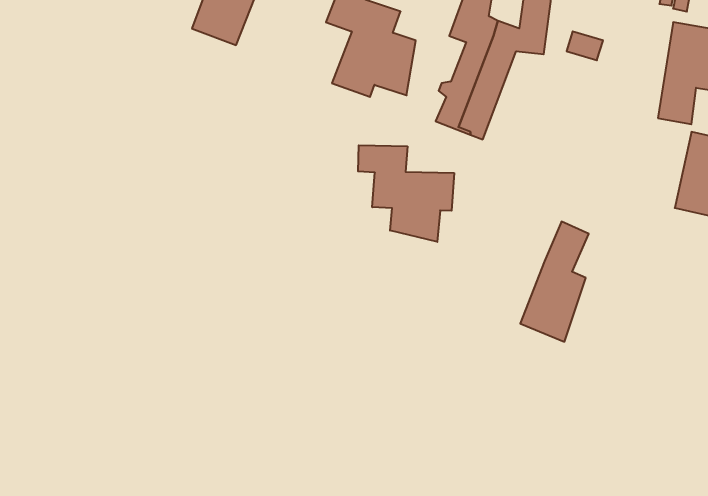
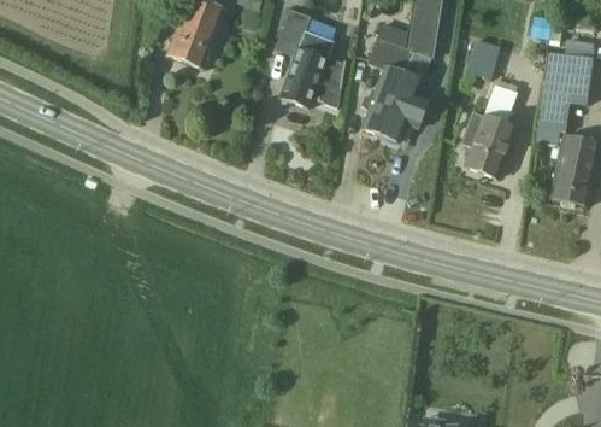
building: [358,145,454,242] -> none
building: [520,222,589,342] -> [465,83,519,179]

